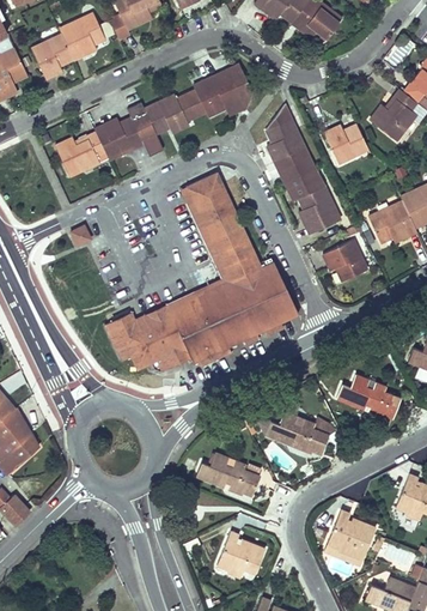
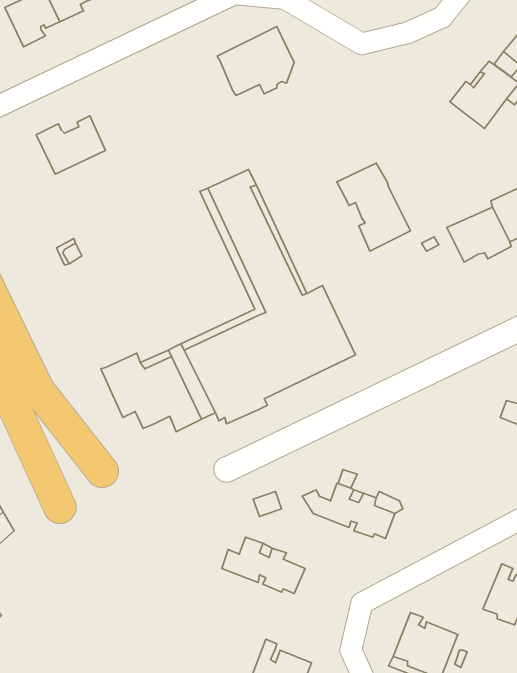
building: [144,90,205,134] -> none
building: [266,104,313,182] -> none
building: [94,117,142,161] -> none
building: [323,125,368,163] -> none
building: [322,240,366,282] -> none
building: [336,375,399,418] -> none

